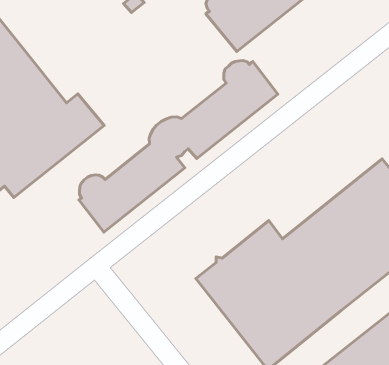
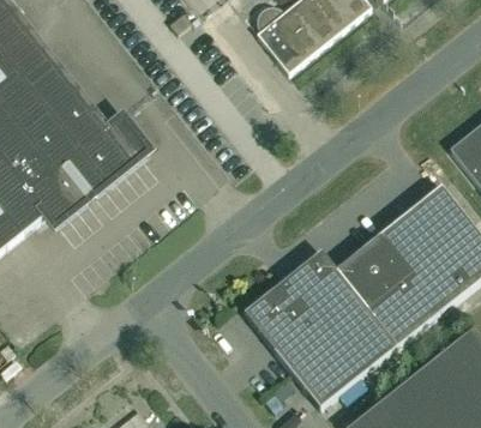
building: [79,60,278,232] -> none

